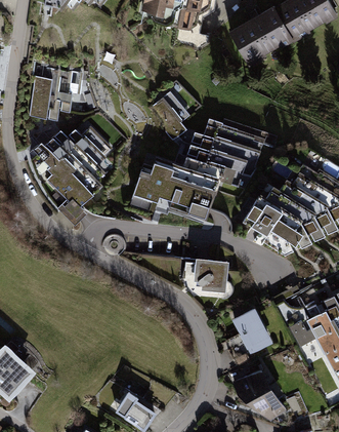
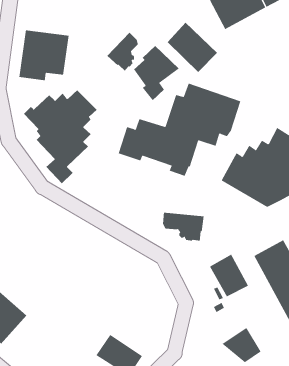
building: none -> [167,22,218,73]
building: none -> [107,32,139,72]
building: [232,365,270,398] -> none

